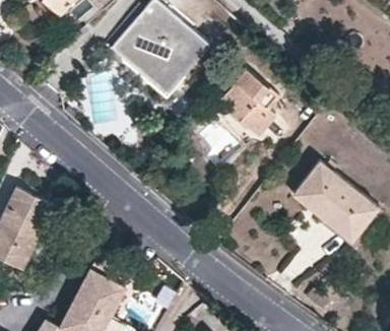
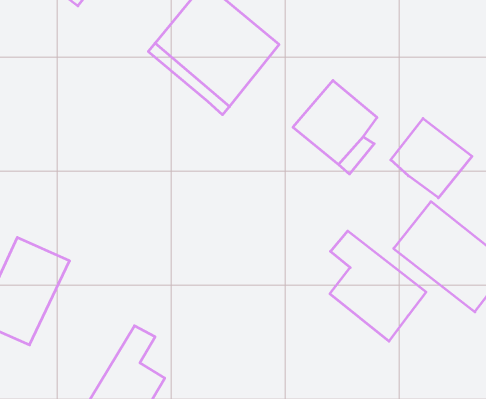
building: none -> [391,118,472,198]
building: none -> [330,231,426,341]

